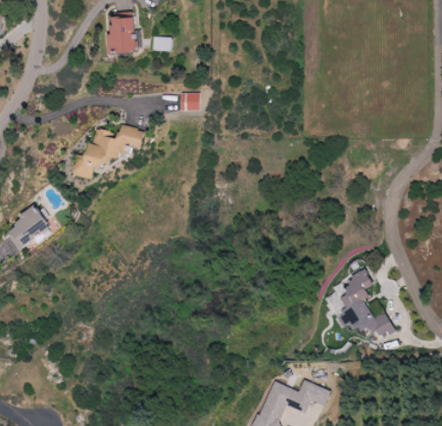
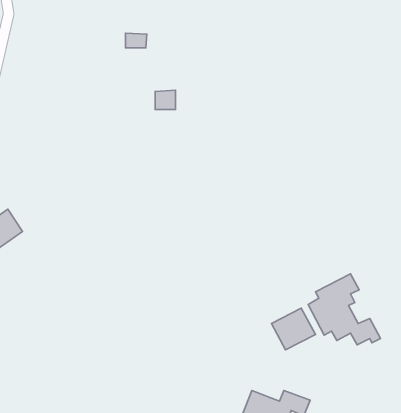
building: [107,13,137,53] -> none
building: [71,124,146,179] -> none
building: none -> [271,308,315,350]

